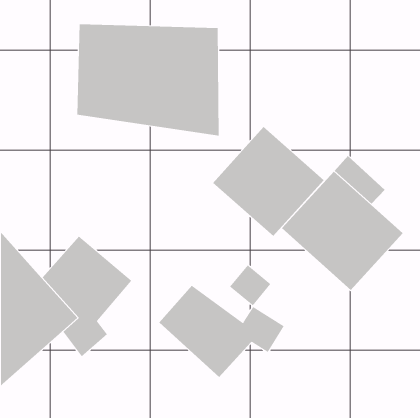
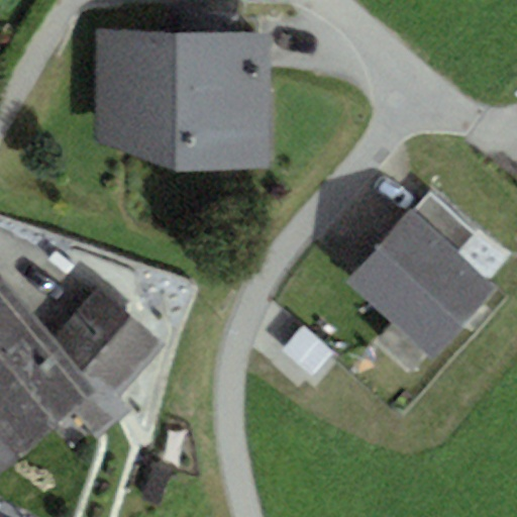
building: [212,126,324,237] -> none
building: [159,285,284,378] -> none

